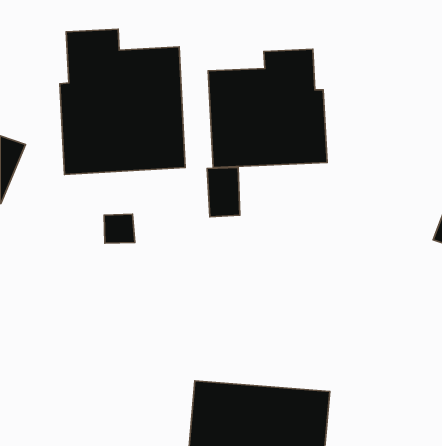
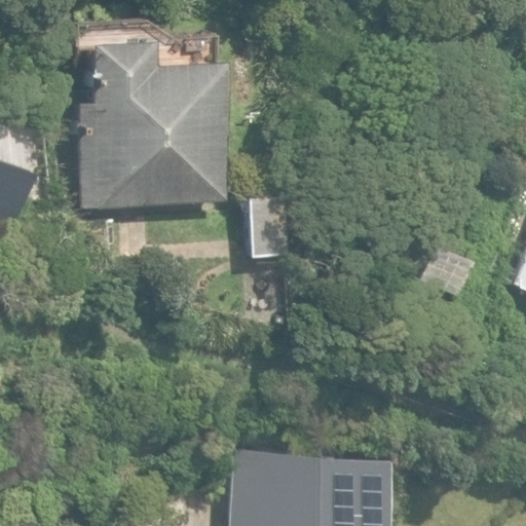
building: [208,49,327,168] -> none

